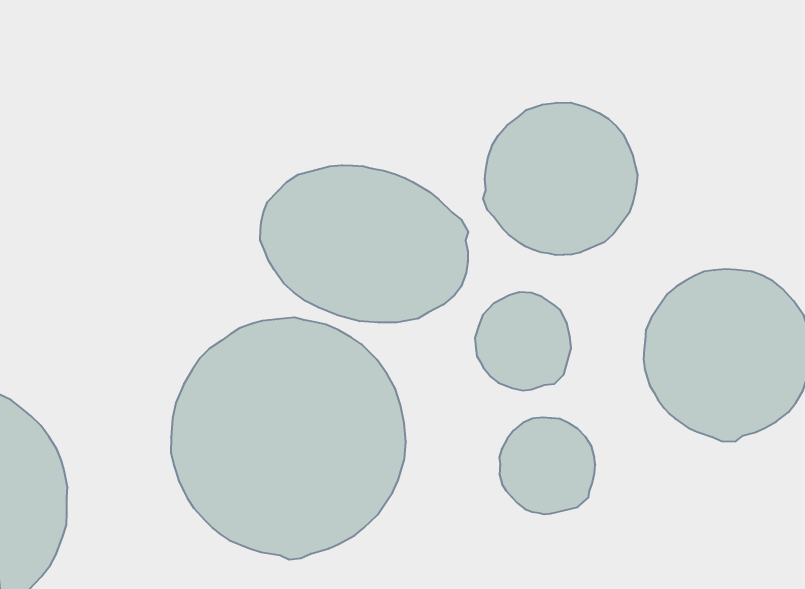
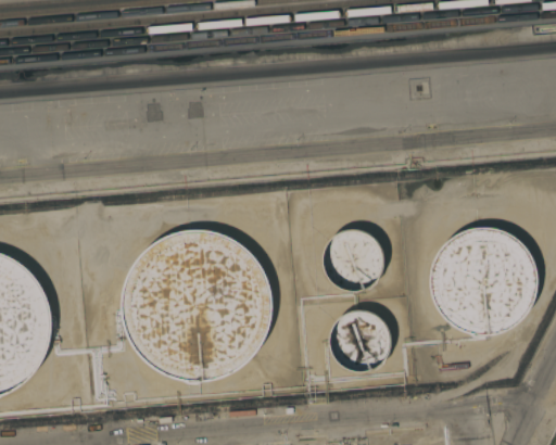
building: [483,103,637,255] -> none
building: [260,165,468,323] -> none

